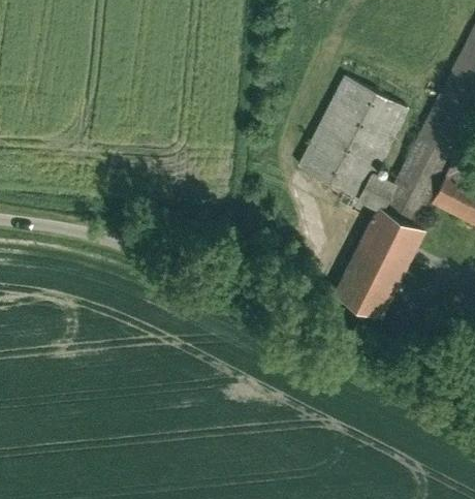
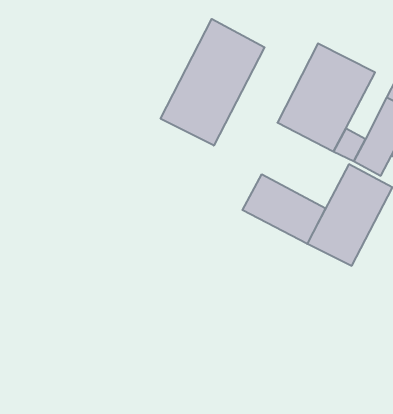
building: none -> [161,19,265,146]
building: none -> [242,174,326,244]

